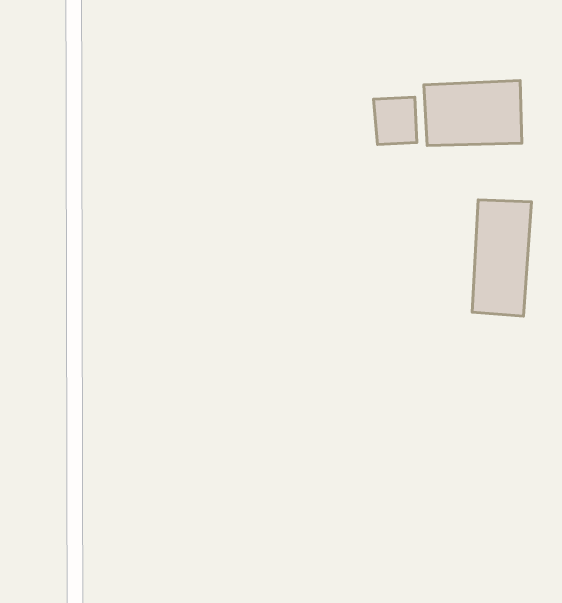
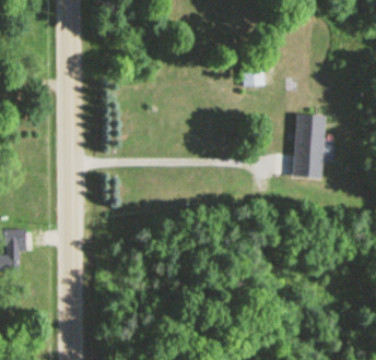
building: [424,80,522,145] -> none

